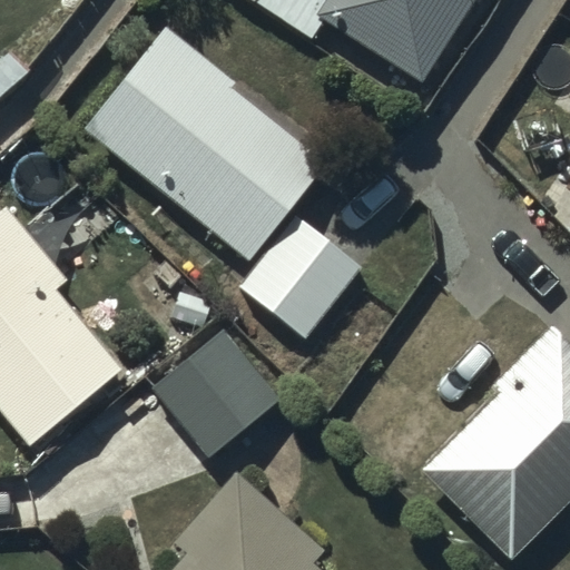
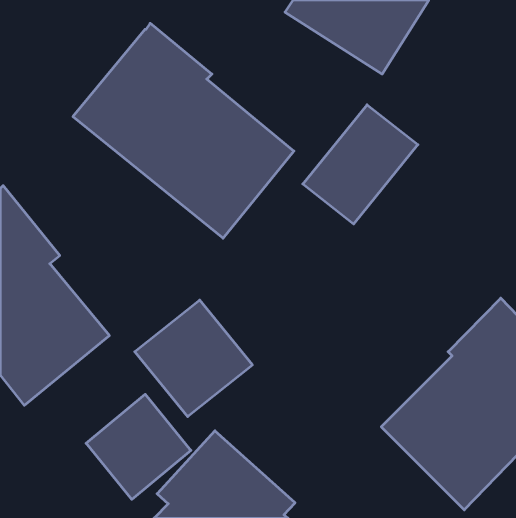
building: none -> [303,105,418,224]
building: [239,216,363,338] -> none
building: none -> [86,394,191,499]

